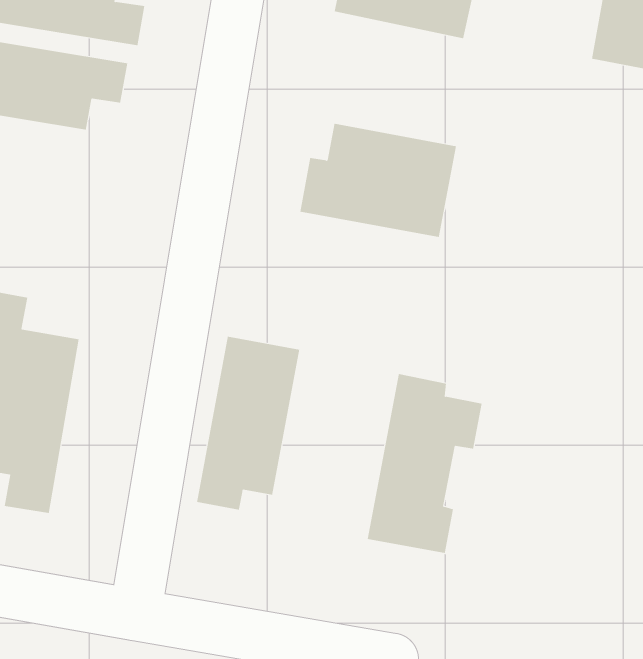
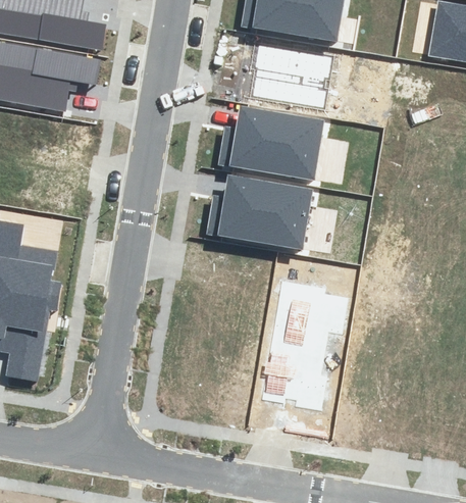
building: none -> [251,46,335,105]
building: none -> [203,172,315,254]
building: [196,336,300,511] -> none

